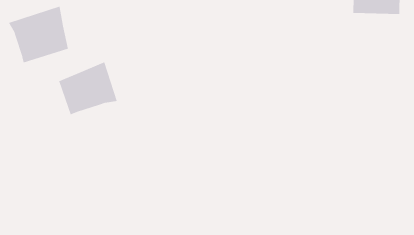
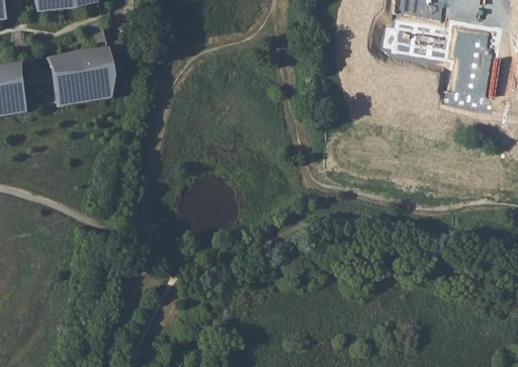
building: [58,61,118,115] -> none

